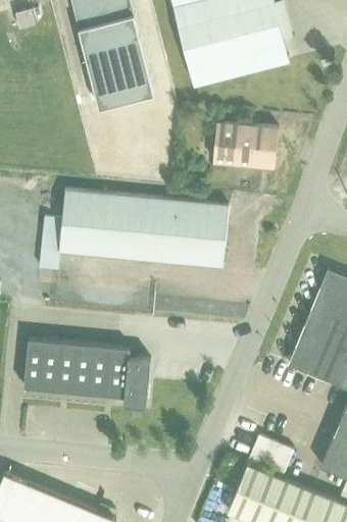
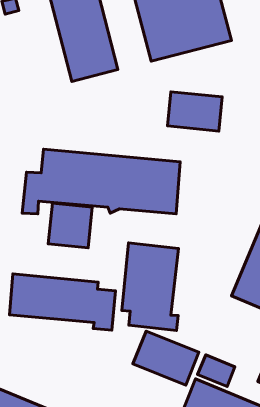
building: none -> [48,203,92,248]
building: none -> [122,243,178,330]
building: none -> [133,331,199,385]

